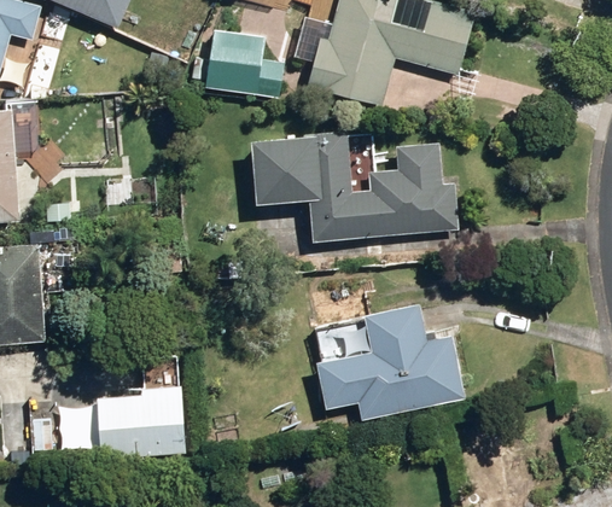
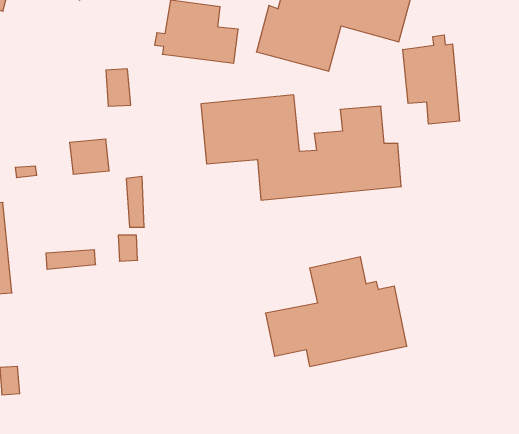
building: none -> [403,35,460,124]
building: [94,386,186,460] -> none

